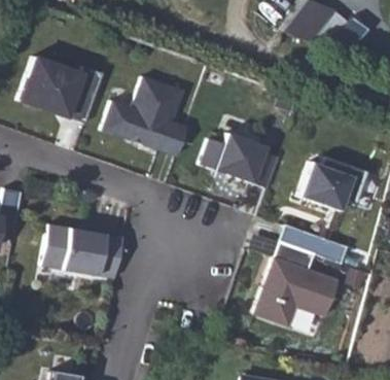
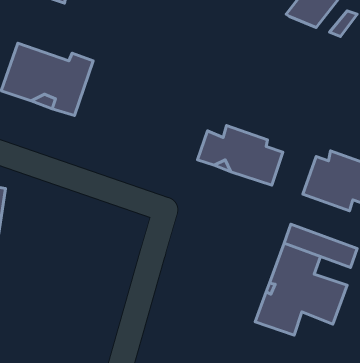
building: [101,75,187,156] -> none
building: [40,221,123,278] -> none

